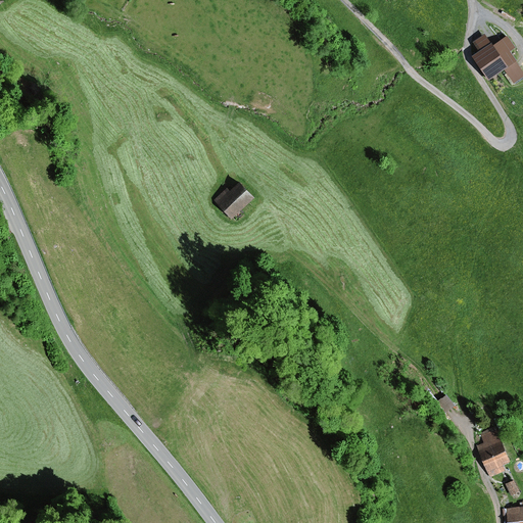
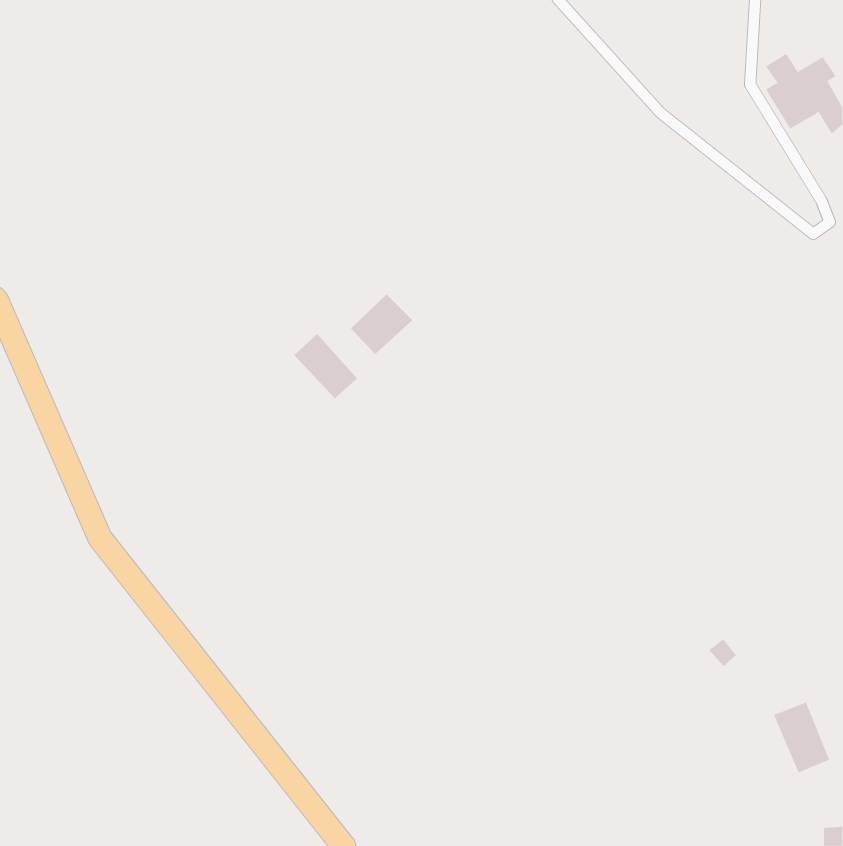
building: none -> [294,333,358,399]

